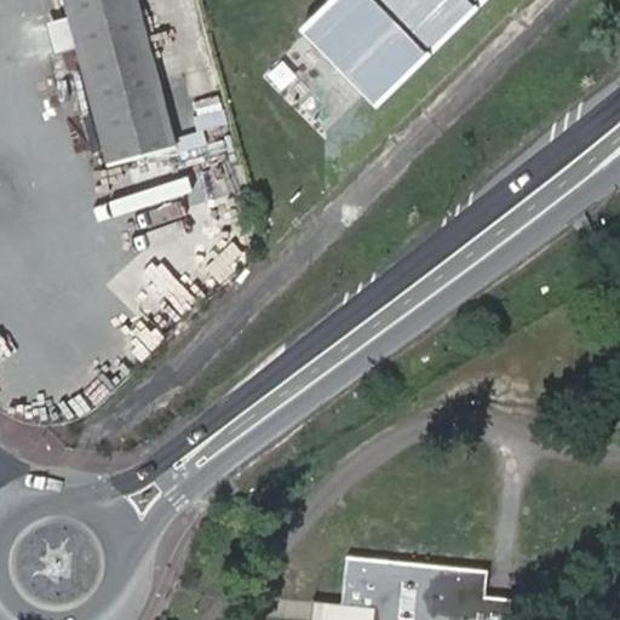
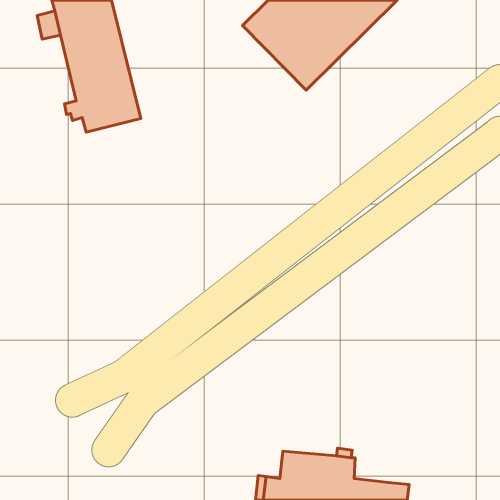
building: [438,567,483,597] -> none

